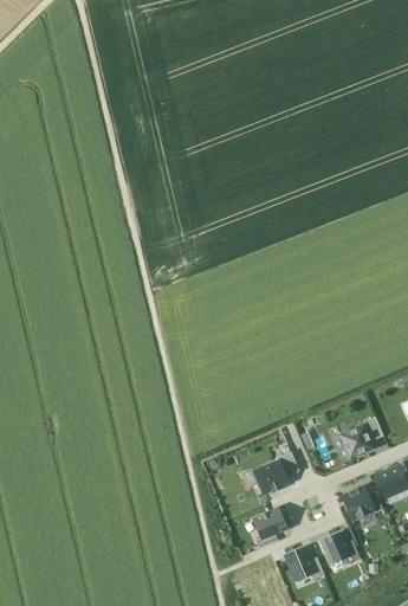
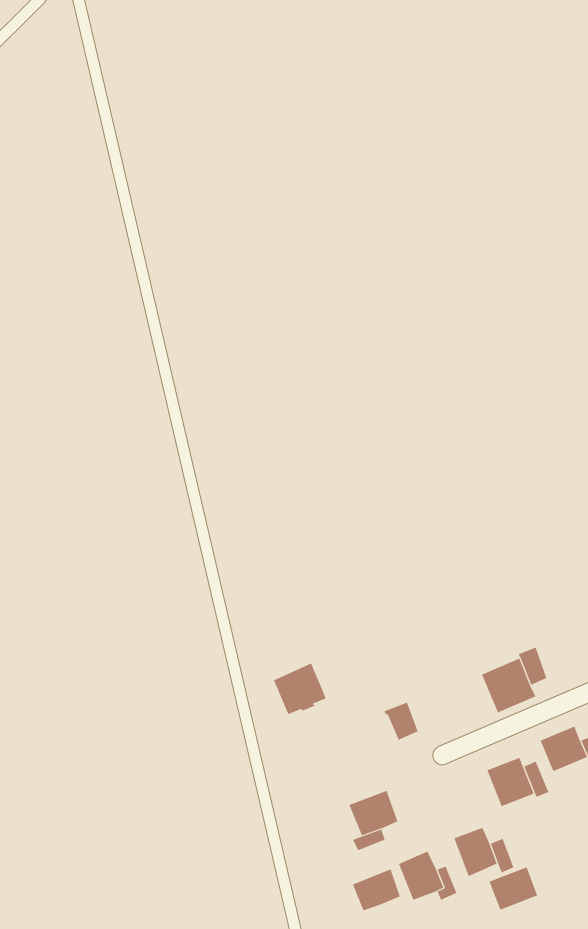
building: [253,460,287,494] -> [273,663,326,715]
building: none -> [489,867,538,911]
building: none -> [352,869,400,911]

